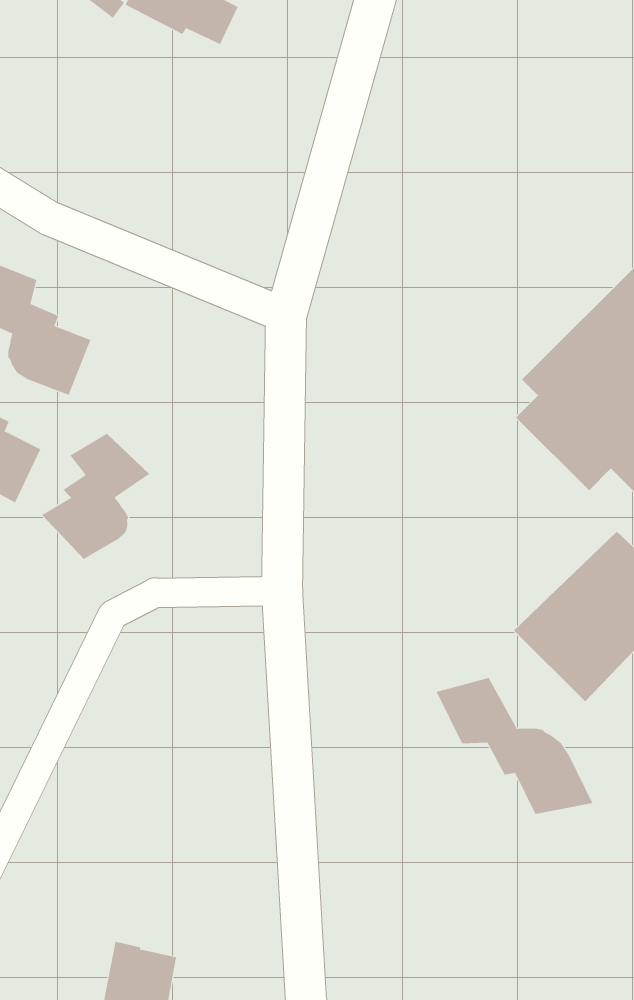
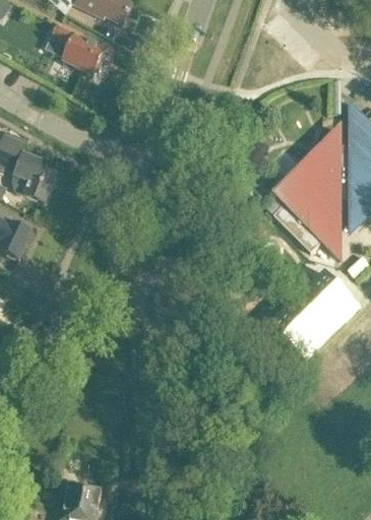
building: none -> [45,23,106,73]
building: [41,433,150,560] -> none
building: [436,677,593,815] -> none

